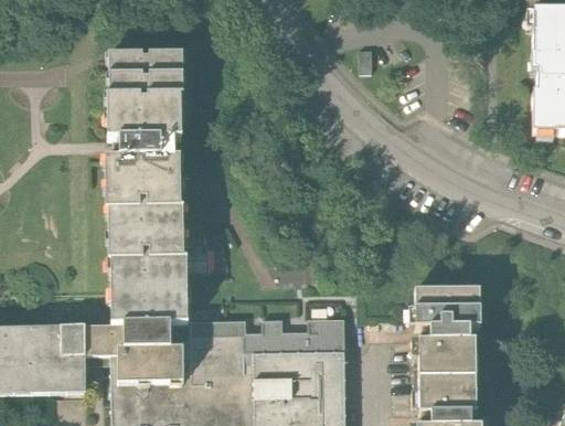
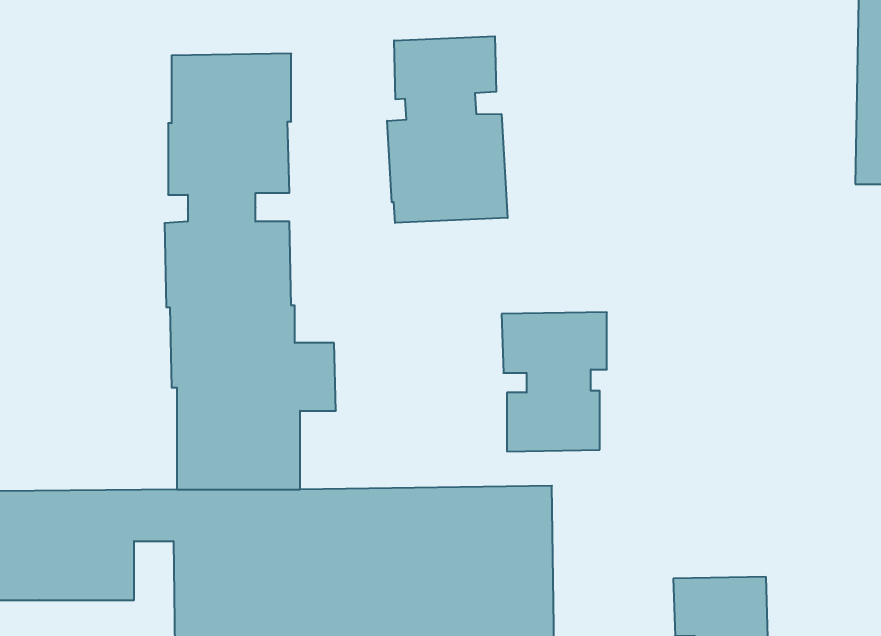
building: none -> [387,36,508,223]
building: [415,292,480,379] -> [502,312,607,451]

